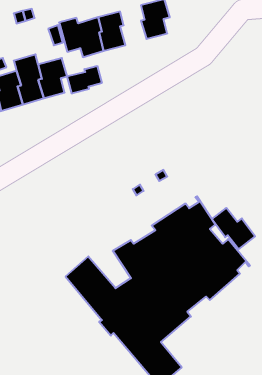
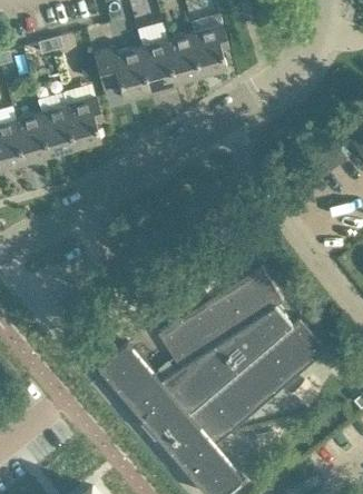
building: none -> [166,33,198,82]
building: [67,66,102,94] -> none
building: [212,208,255,249] -> none

